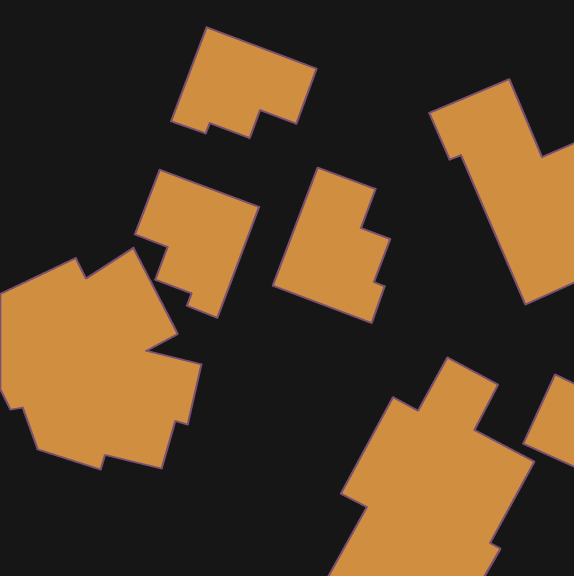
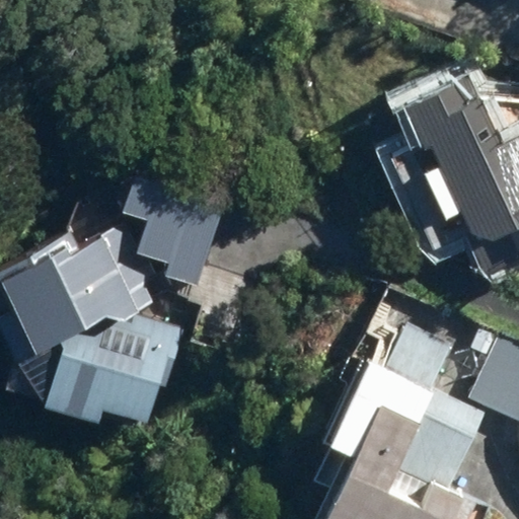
building: [171,27,316,138] -> none
building: [273,168,390,323] -> none

